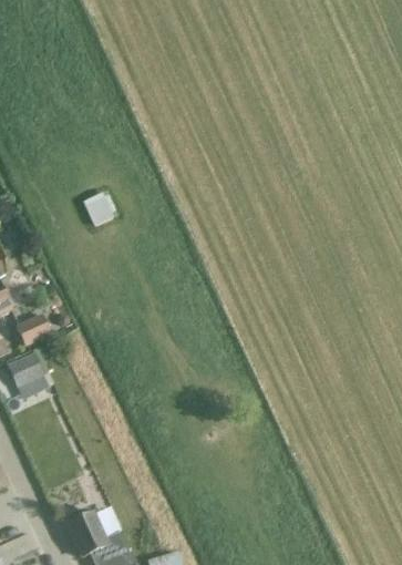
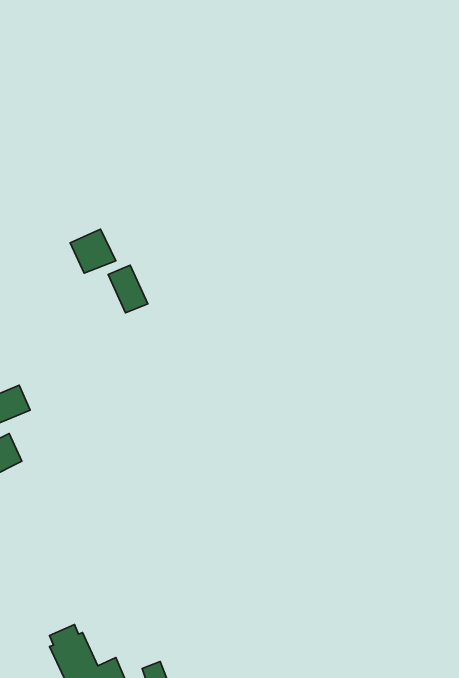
building: none -> [108,265,148,313]

